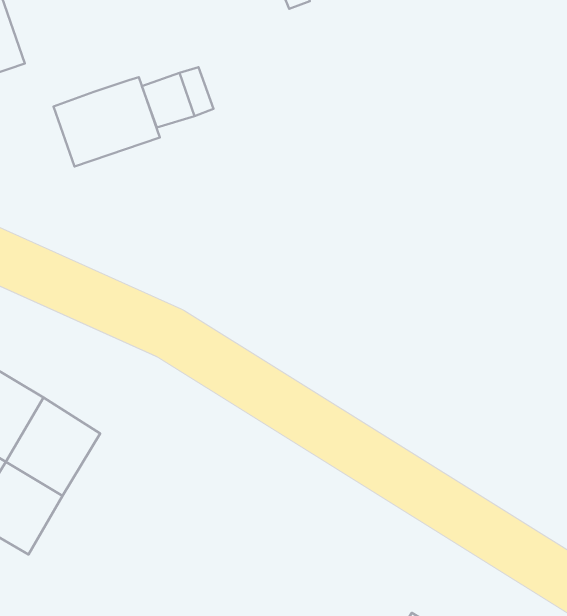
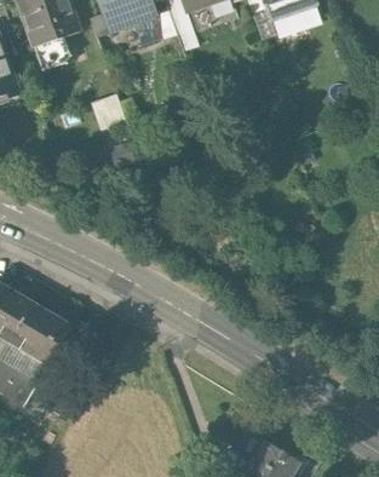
building: [53,77,160,167] -> none

